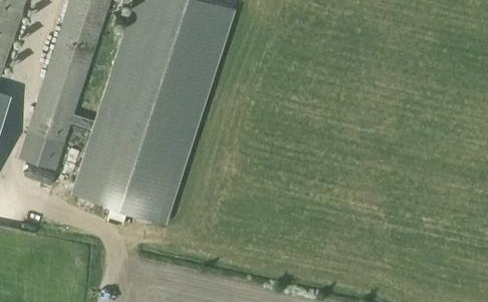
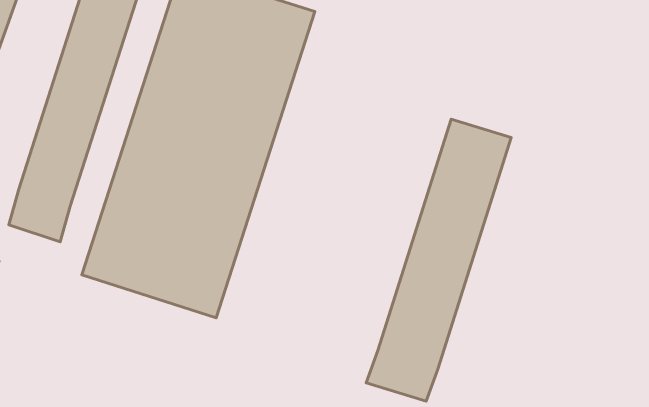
building: none -> [366,119,511,401]

